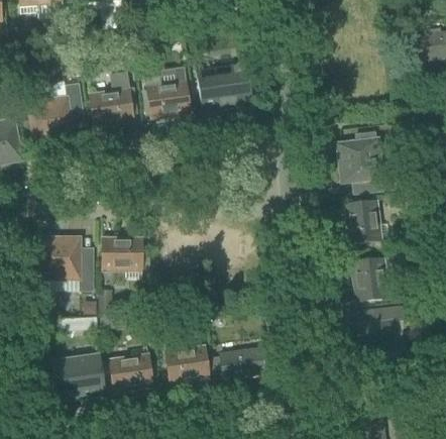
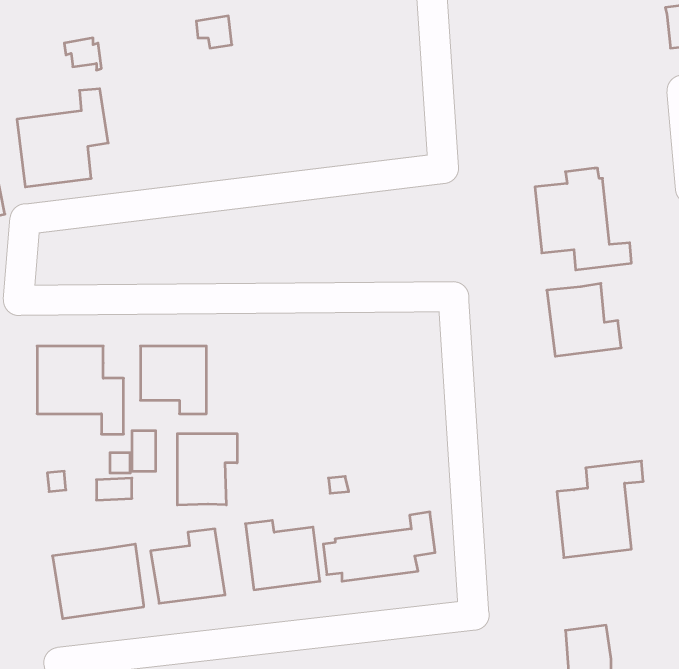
building: [198,61,253,111] -> none
building: [90,73,137,126] -> none
building: [143,76,191,118] -> none
building: [351,256,394,301] -> none
building: none -> [177,434,237,505]

